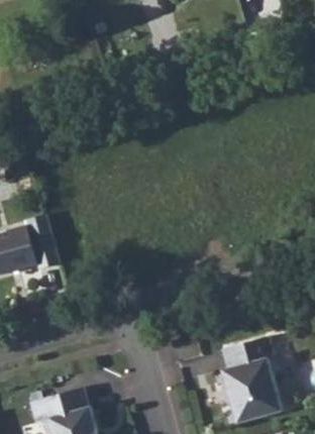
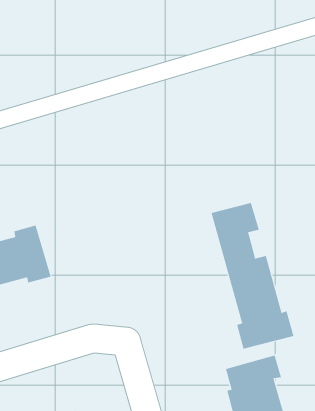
building: none -> [211,202,294,350]

